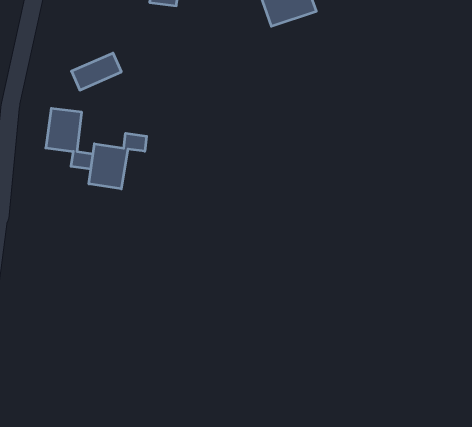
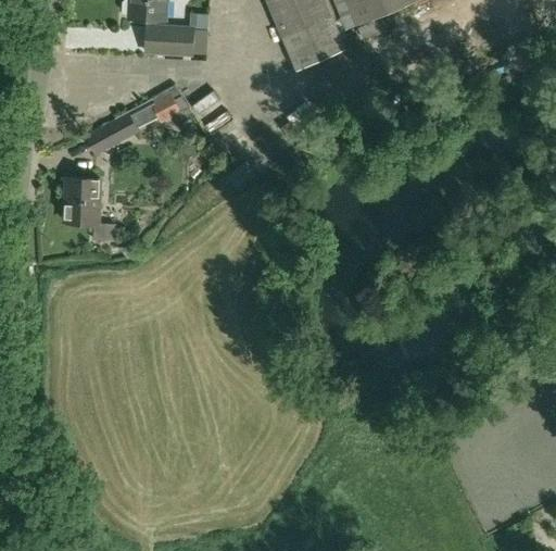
building: none -> [129,86,181,123]
building: [89,133,147,189] -> none

